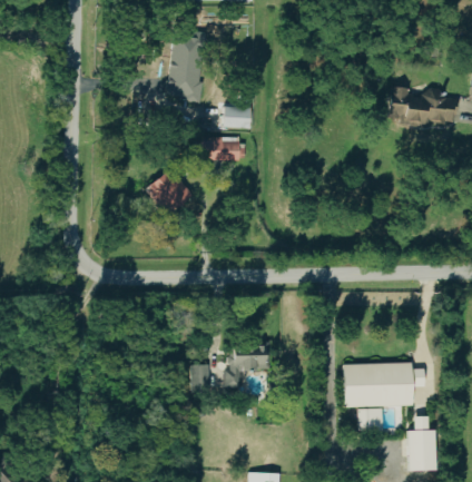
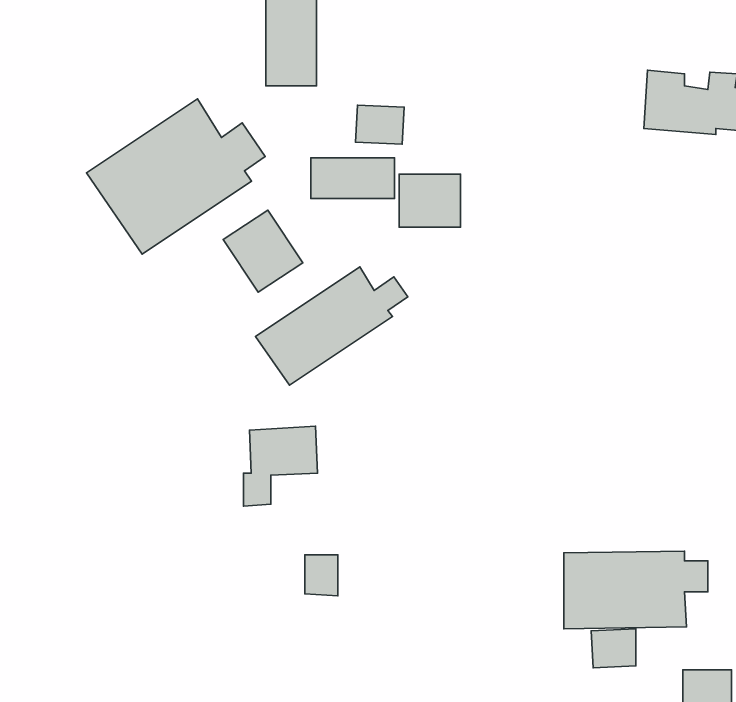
building: none -> [86,99,265,254]
building: none -> [399,174,460,227]
building: none -> [255,267,408,385]
building: [226,343,268,388] -> [244,426,318,506]

